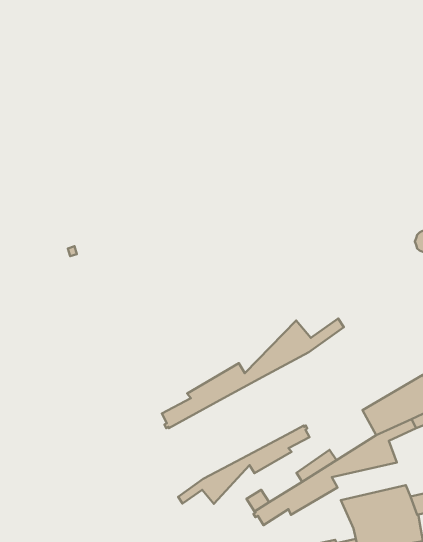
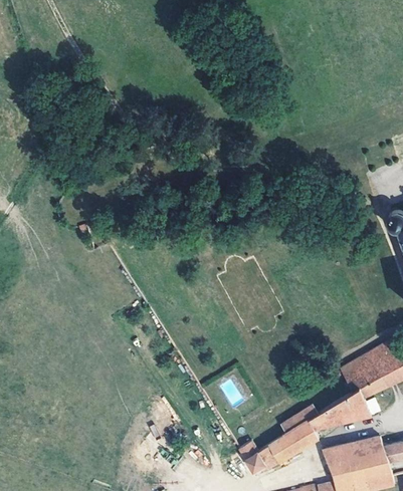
building: [162,319,344,428] -> none
building: [178,426,309,504] -> none

